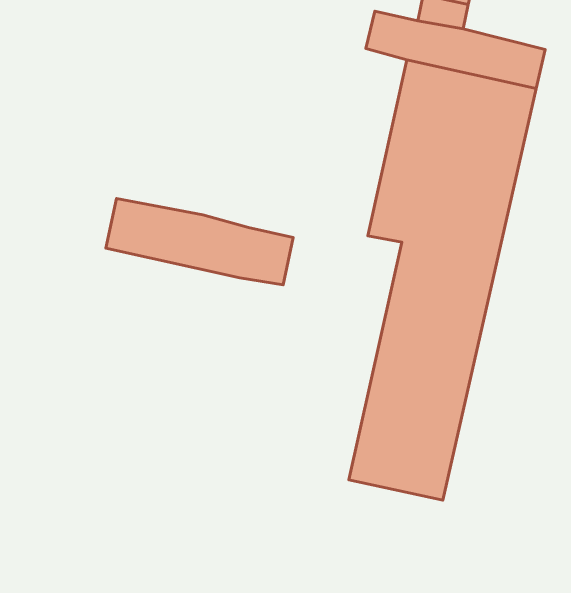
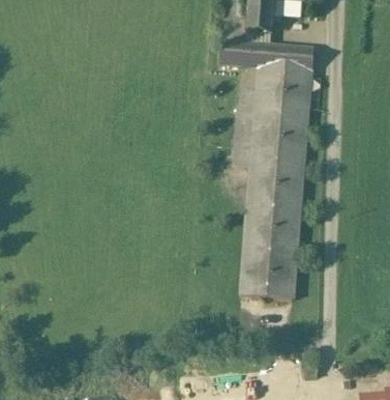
building: [106,198,293,285] -> none

